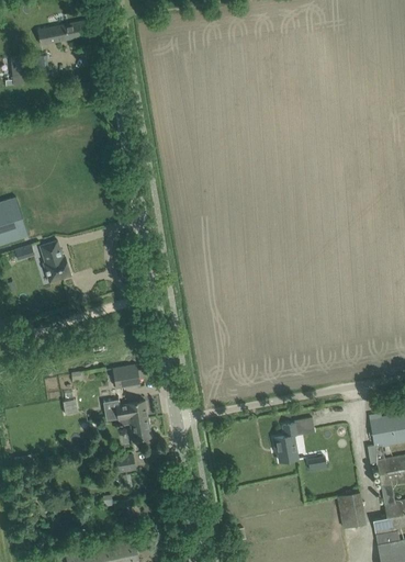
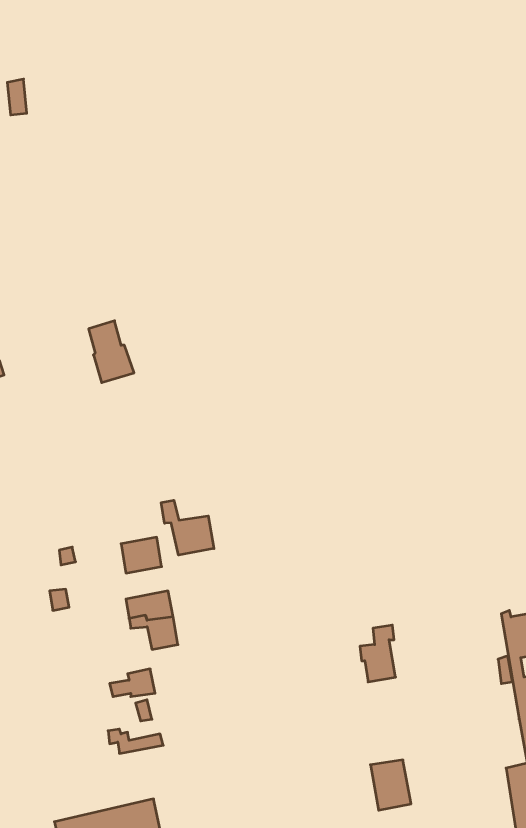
building: [36,20,91,45] -> none
building: [40,240,70,282] -> [89,321,134,383]
building: none -> [161,500,214,555]
building: [338,493,365,527] -> [370,760,411,810]

